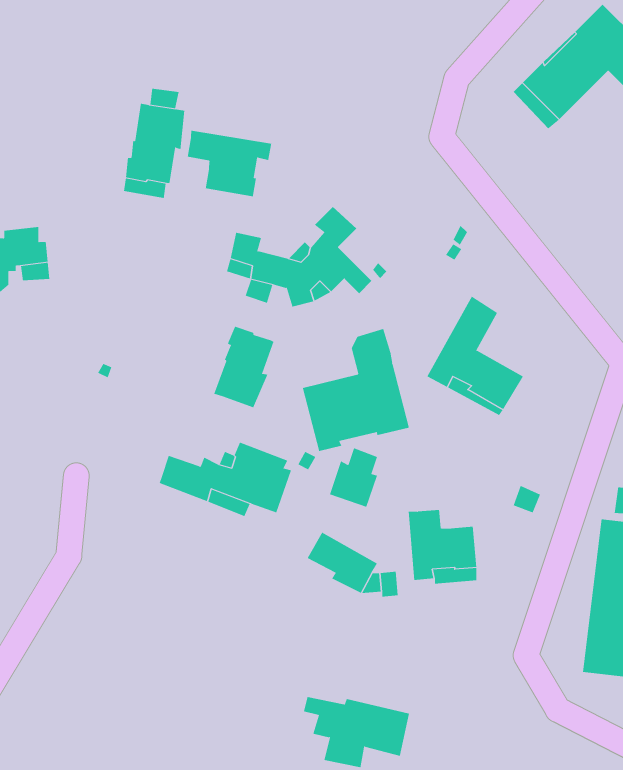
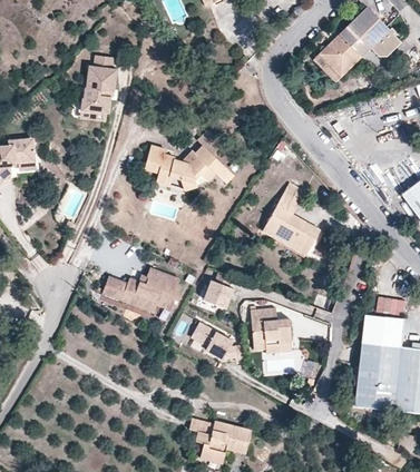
building: [187,130,272,197] -> none
building: [214,326,274,408] -> none
building: [302,328,409,452] -> none

